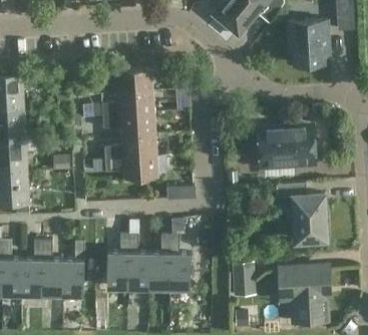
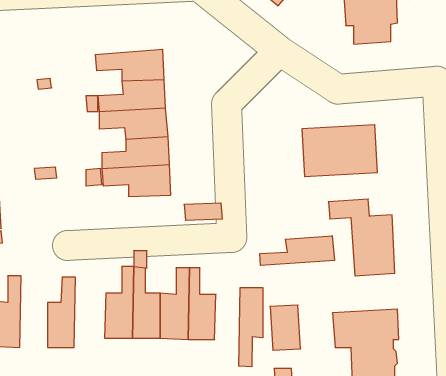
building: none -> [260,236,335,265]
building: [42,240,63,294] -> none
building: none -> [239,288,263,367]

